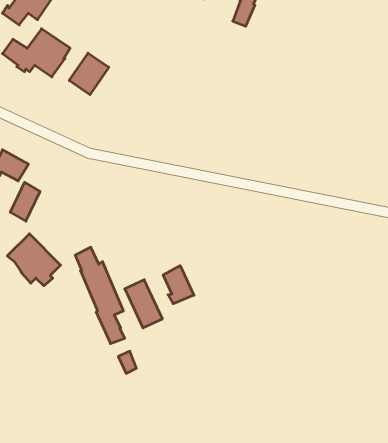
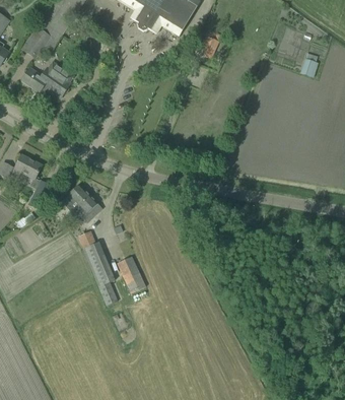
building: [69,53,109,95] -> none
building: [7,234,61,286] -> [61,182,102,222]
building: [163,266,194,304] -> none

